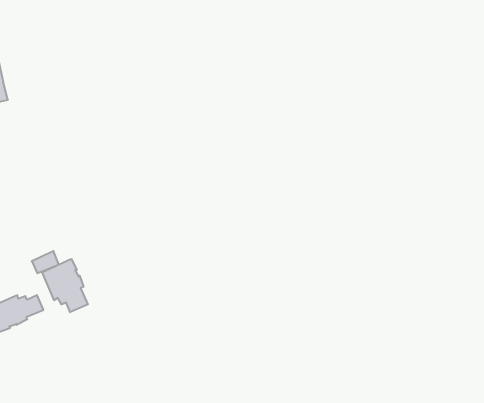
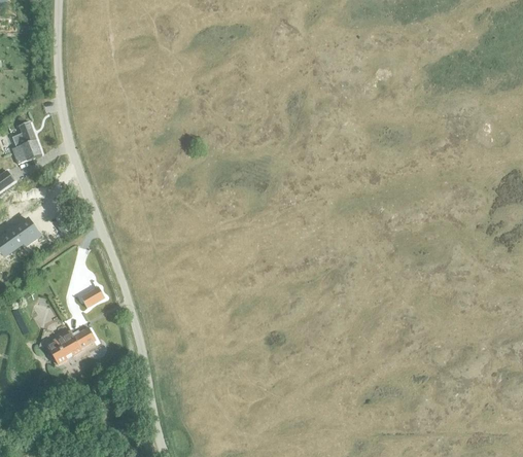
building: [42,259,88,312] -> none

